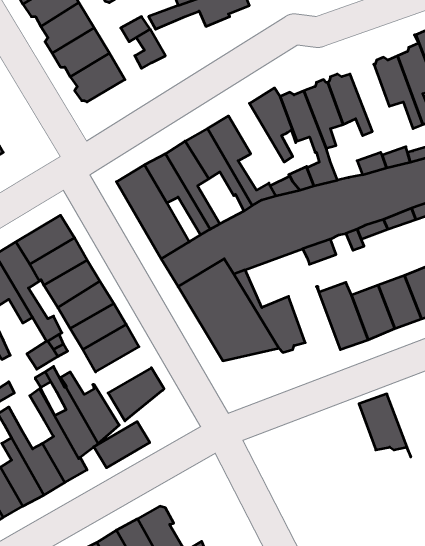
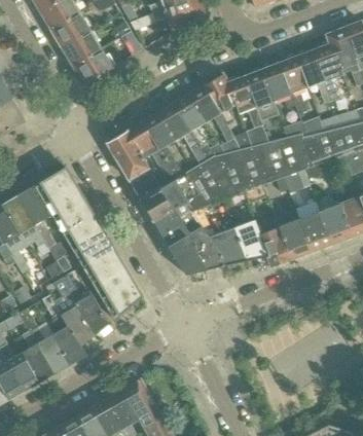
building: none -> [279,55,307,114]
building: none -> [189,84,231,134]
building: [359,394,411,457] -> [233,219,271,265]
building: [94,422,150,468] -> [92,263,133,297]

